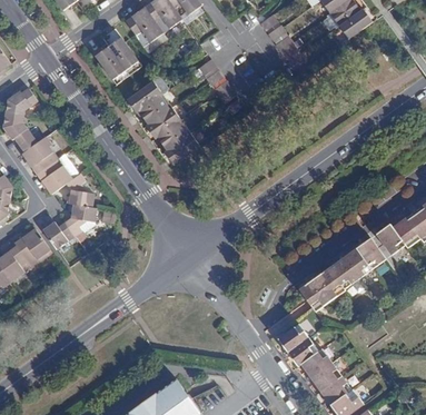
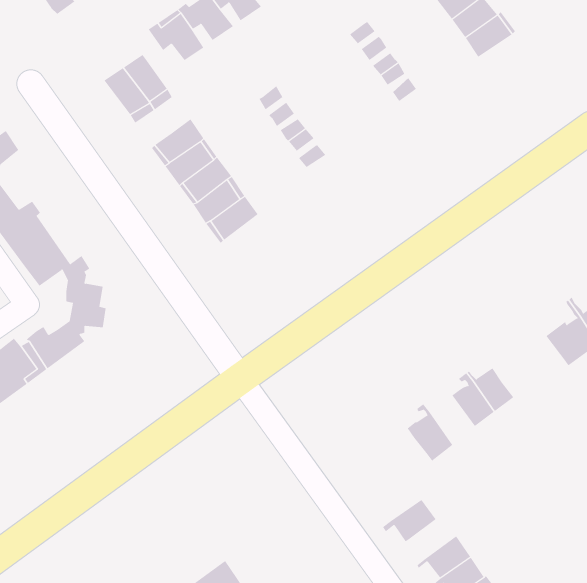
building: [371,223,405,255] -> none
building: [356,233,385,268] -> none
building: [309,267,345,300] -> none
building: [277,323,308,356] -> none
building: [300,348,331,382] -> none

